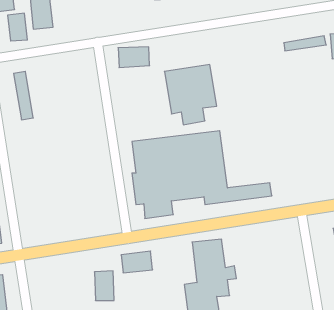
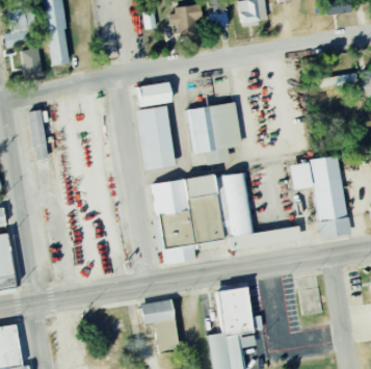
building: none -> [136,106,174,169]
building: none -> [289,156,349,238]
building: [94,271,114,300] -> [156,319,177,350]

